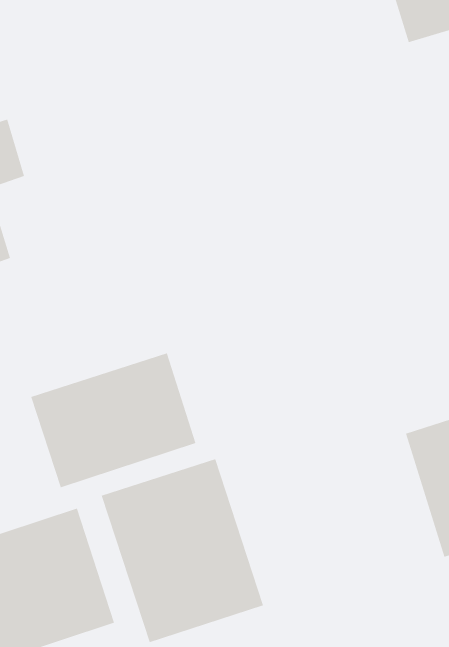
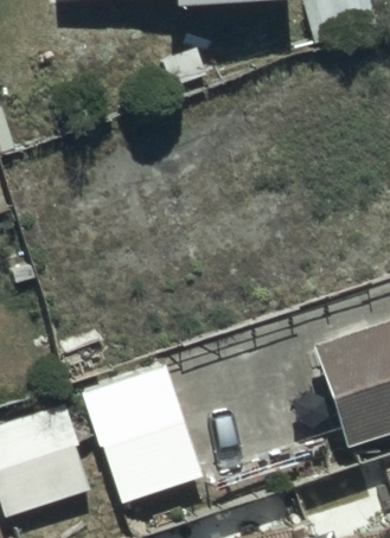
building: [30,353,196,488] -> none

